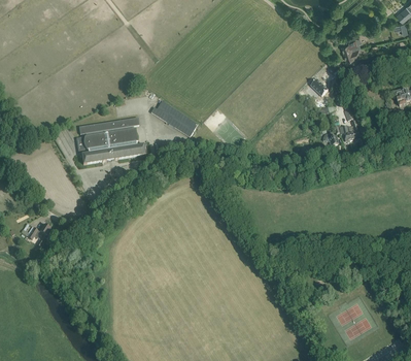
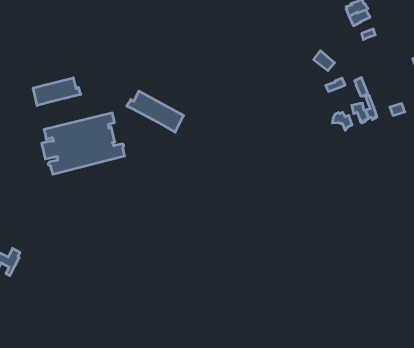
building: none -> [33,78,81,106]

